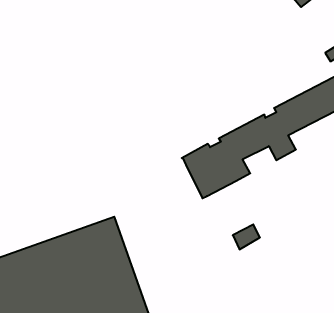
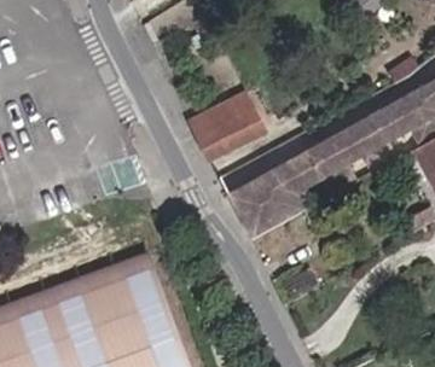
building: none -> [190,91,266,157]

